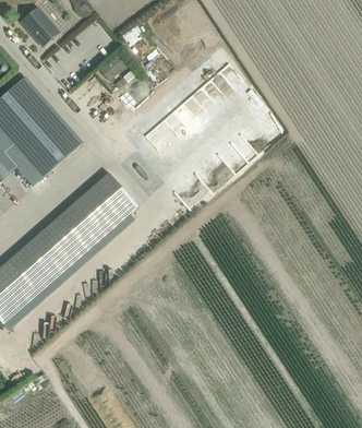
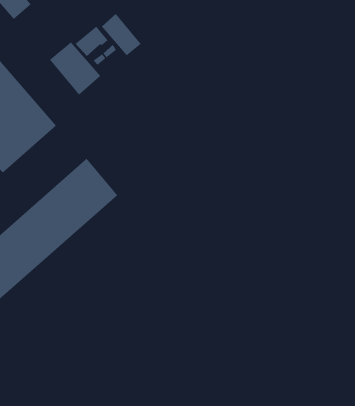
building: none -> [101,13,141,56]
building: none -> [49,41,101,95]

